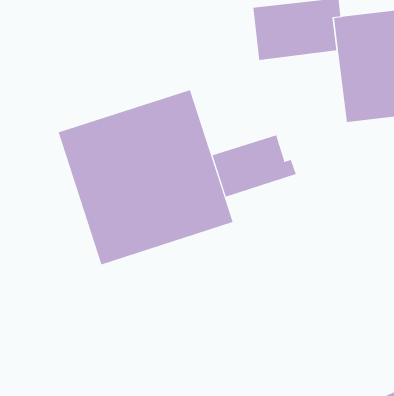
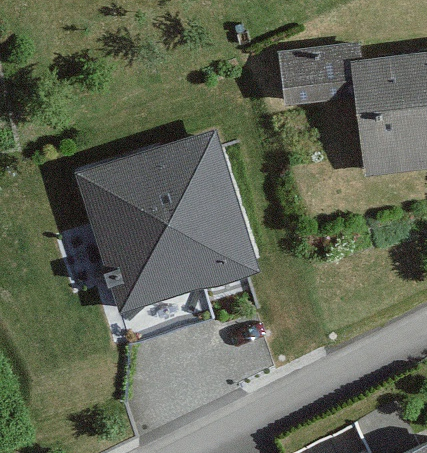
building: [212,135,296,197] -> none

